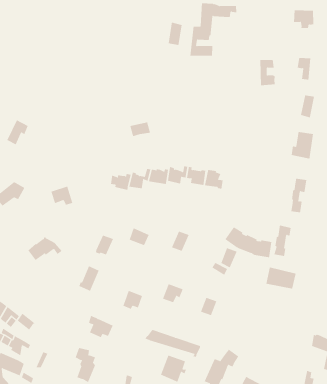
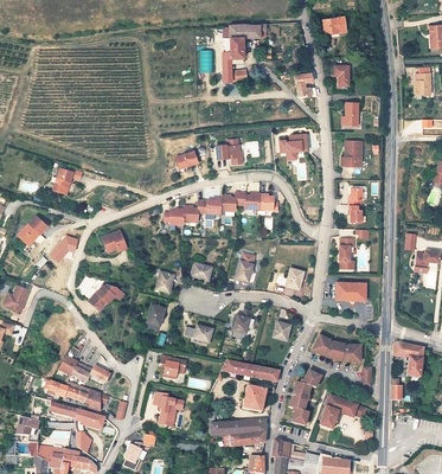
building: none -> [214,137,243,164]
building: none -> [278,133,308,160]
building: [225,226,272,258] -> [312,333,360,359]

